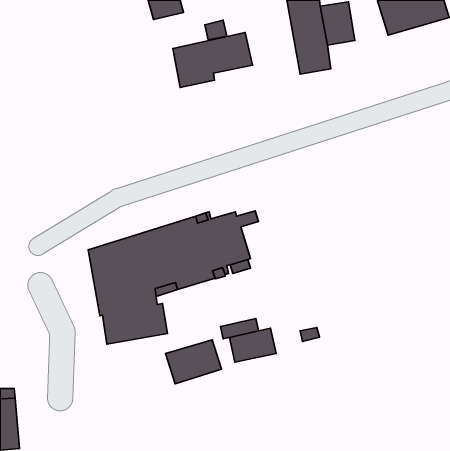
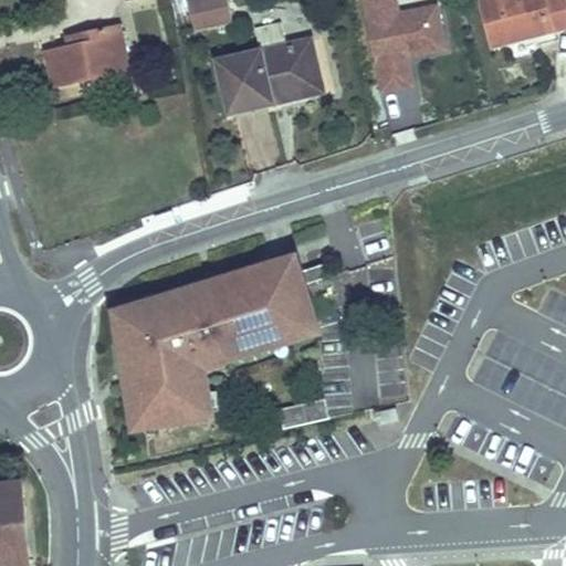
building: none -> [44,23,134,87]
building: [229,328,276,362] -> none
building: [166,340,221,384] -> none

